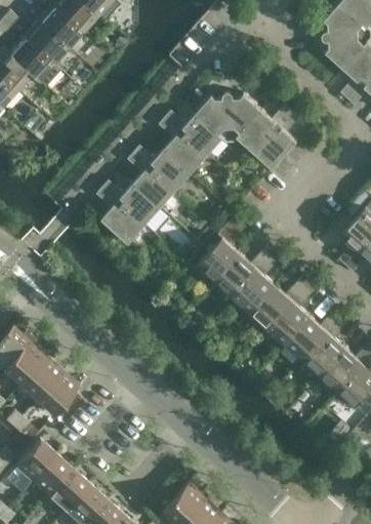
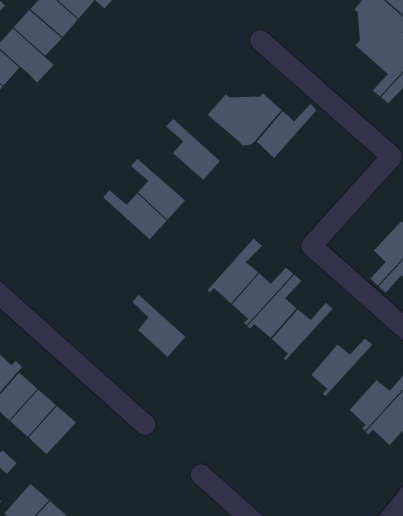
building: [165,112,222,157] -> none
building: [254,112,299,170] -> none
building: [133,147,192,192] -> none
building: [96,189,145,245] -> [131,294,186,358]
building: [264,287,313,346] -> none
building: [299,319,347,376] -> none

